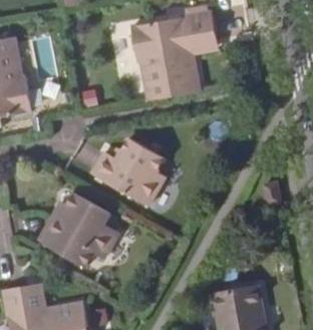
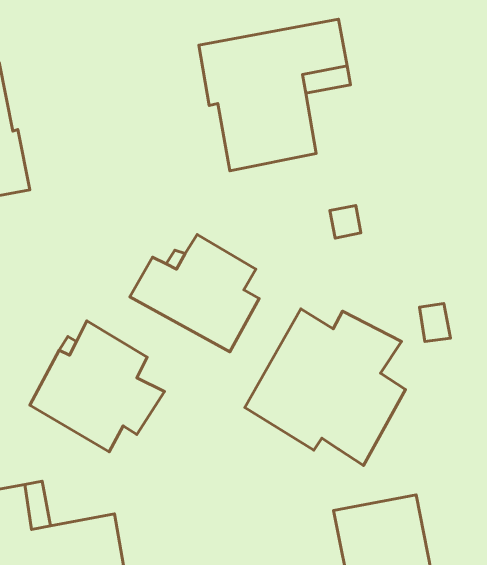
building: none -> [245,309,406,466]

